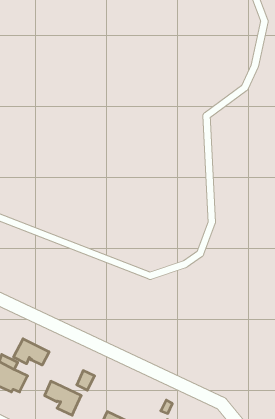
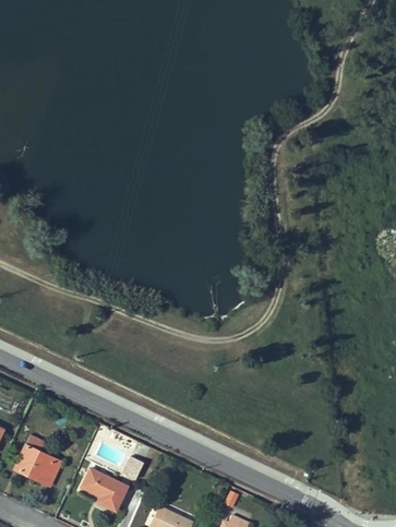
building: [14,339,49,365] -> none

